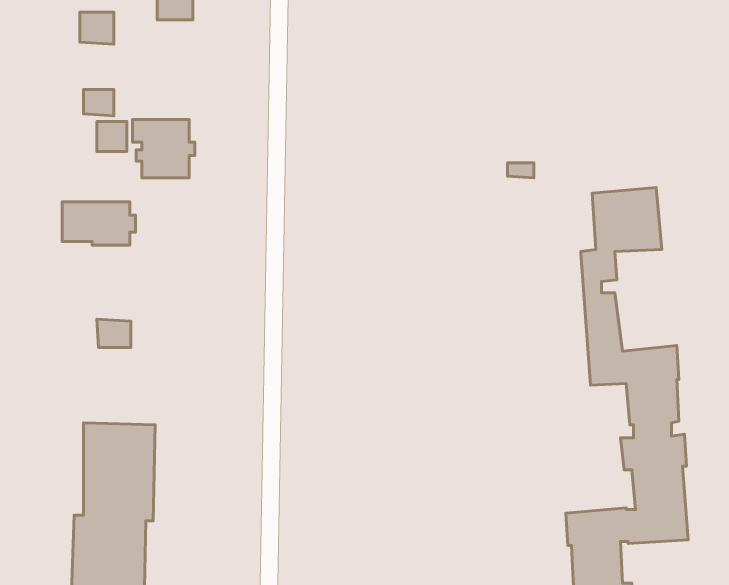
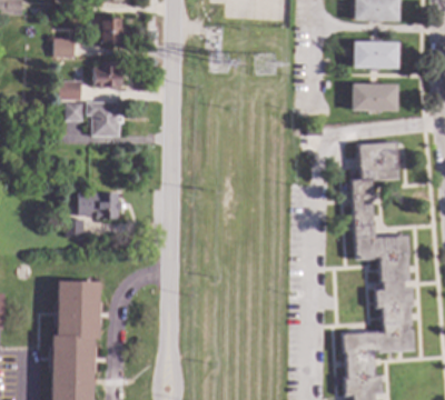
building: none -> [354,41,399,67]
building: none -> [95,60,121,87]
building: none -> [353,83,397,110]
building: [62,202,136,245] -> [79,192,122,218]

